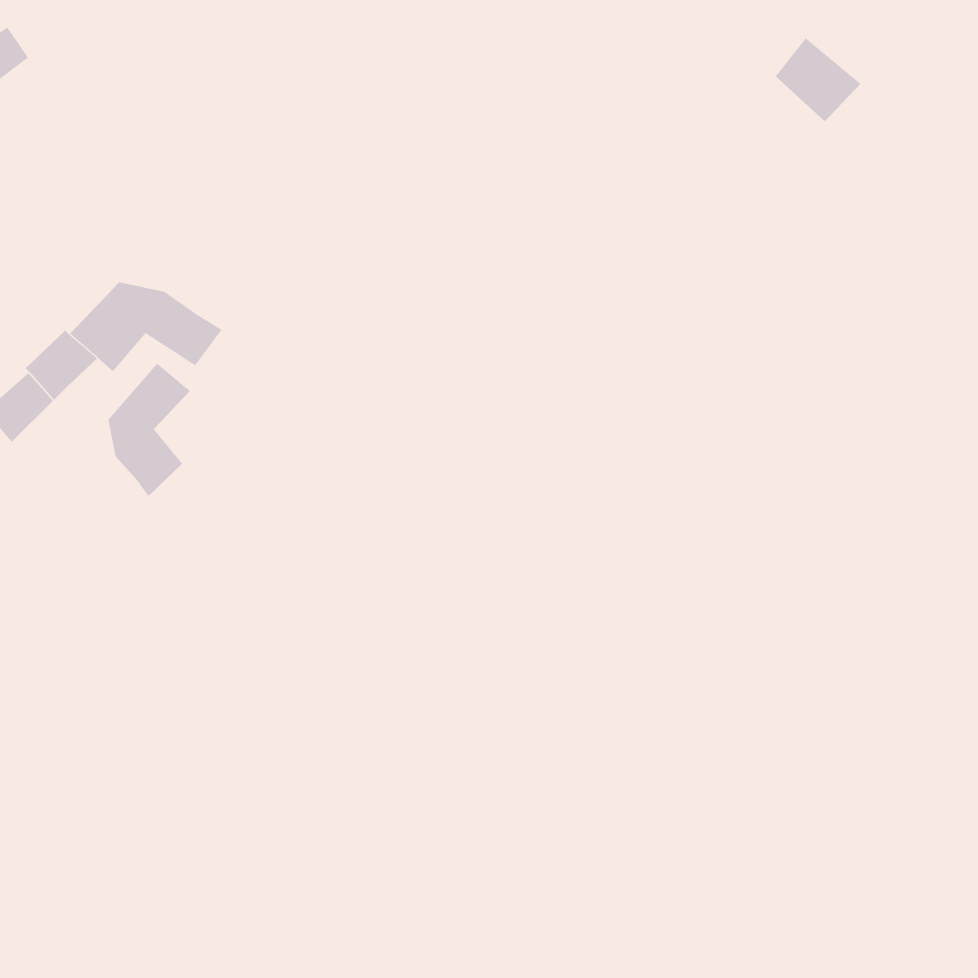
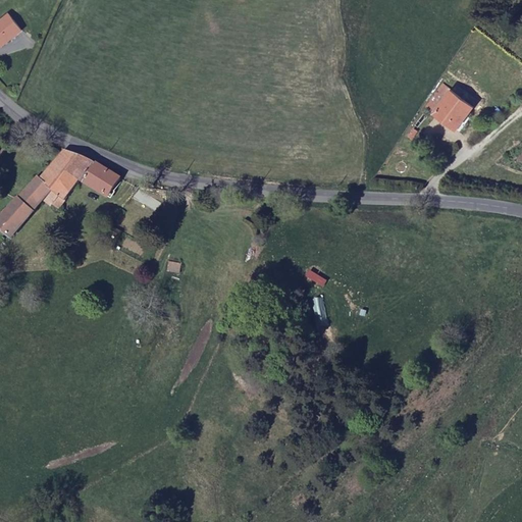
building: [775,38,861,122] -> [431,86,477,130]
building: [108,363,191,497] -> none

